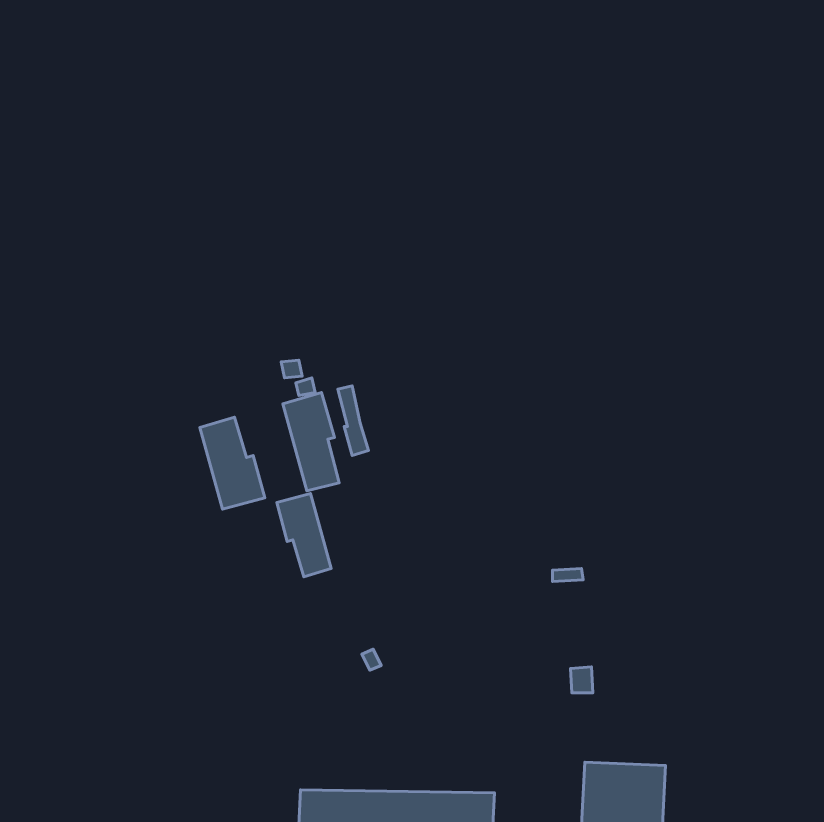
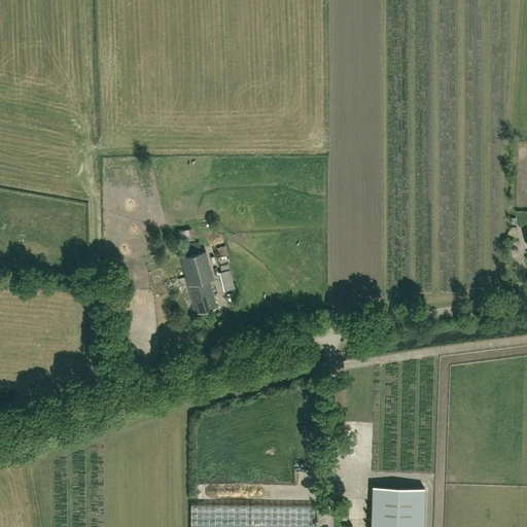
building: [200,417,265,509] -> none
building: [277,494,331,577] -> none

